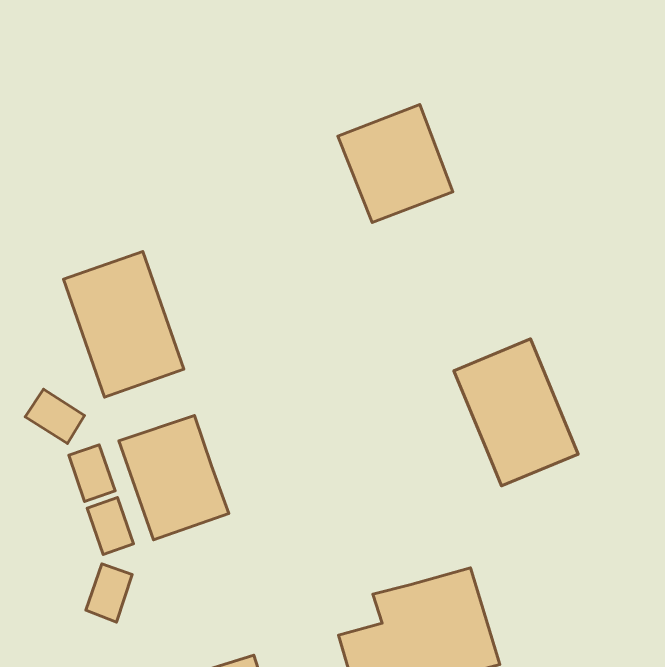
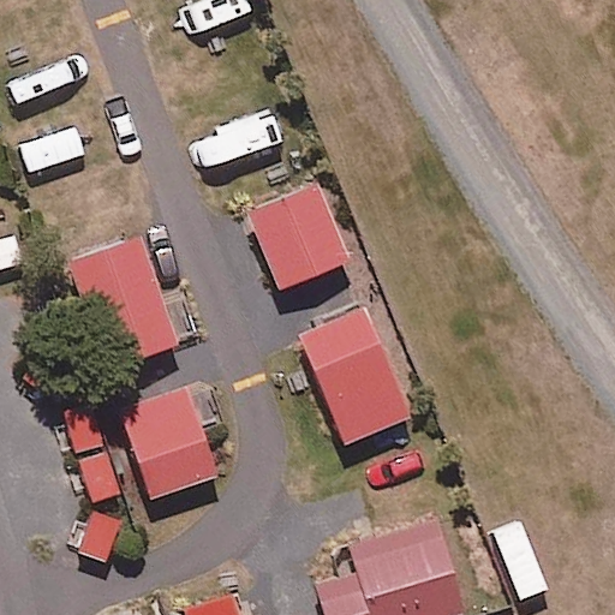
building: [338,105,453,222] -> [245,183,350,289]
building: [454,339,578,486] -> [299,308,412,441]

